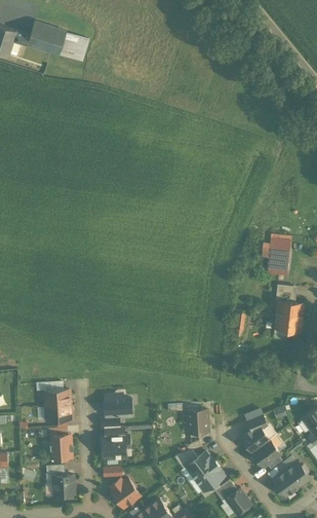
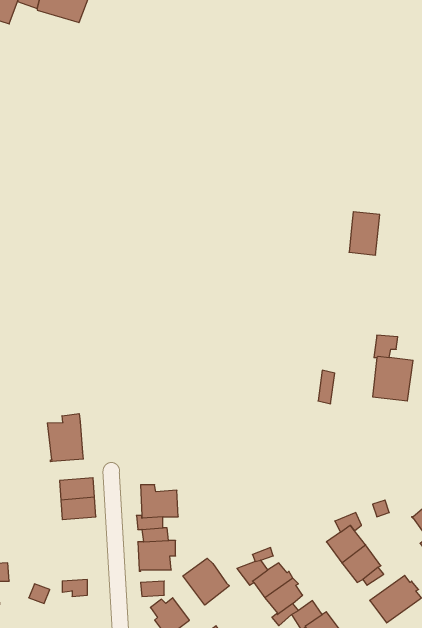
building: [268,239,290,271] -> [349,212,380,255]
building: none -> [47,414,83,462]
building: [187,410,208,434] -> none
building: [50,434,73,459] -> none
building: none -> [183,558,229,605]
building: [53,475,75,495] -> none

